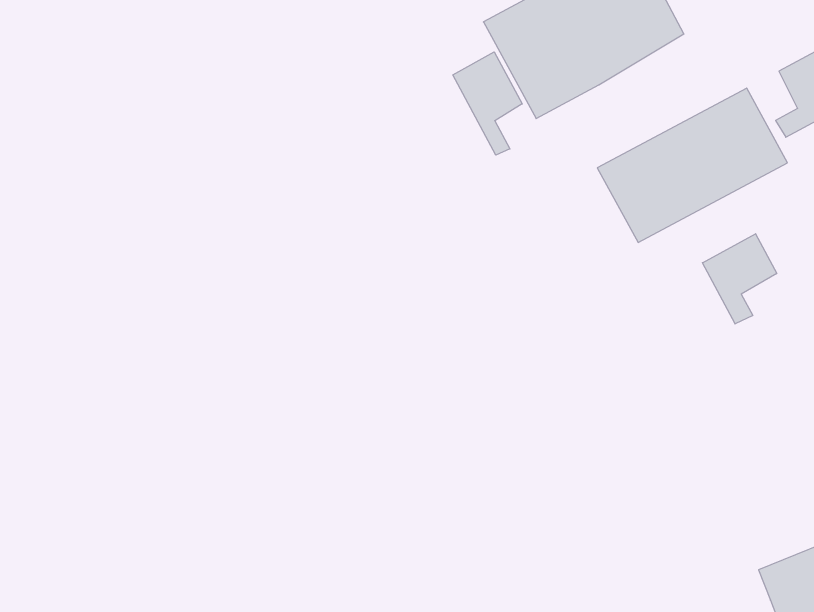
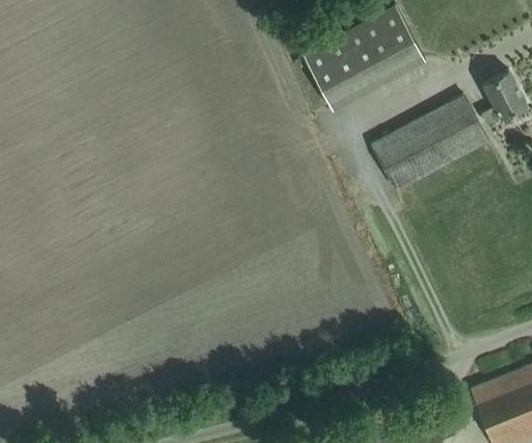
building: [453,52,522,155] -> none
building: [702,234,777,324] -> none

